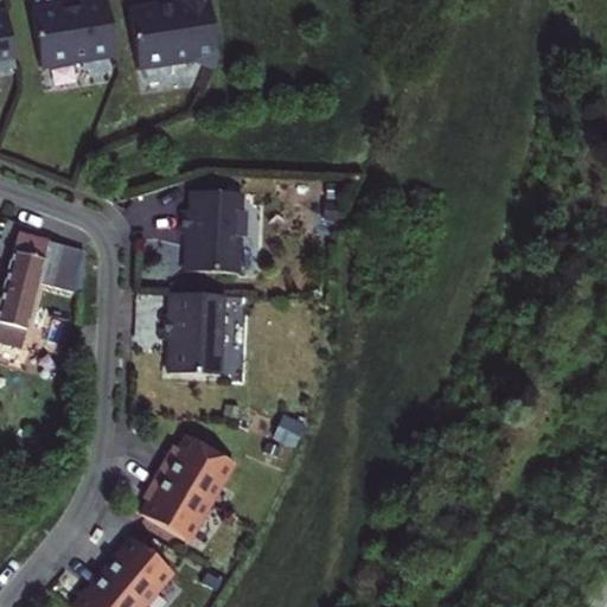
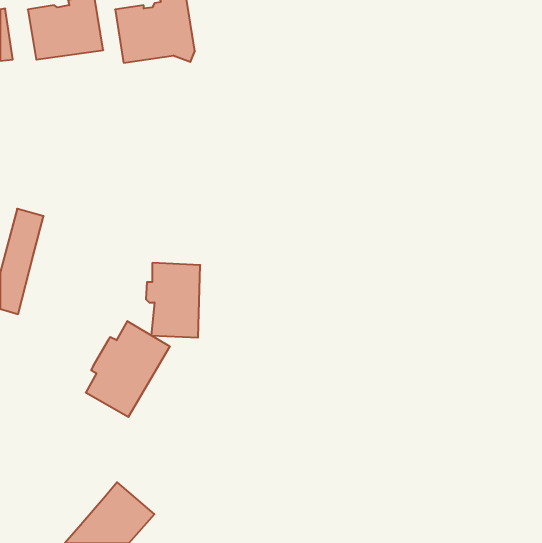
building: [183,191,247,274] -> none
building: [39,241,83,293] -> none
building: [142,435,236,542] -> [86,321,170,417]

